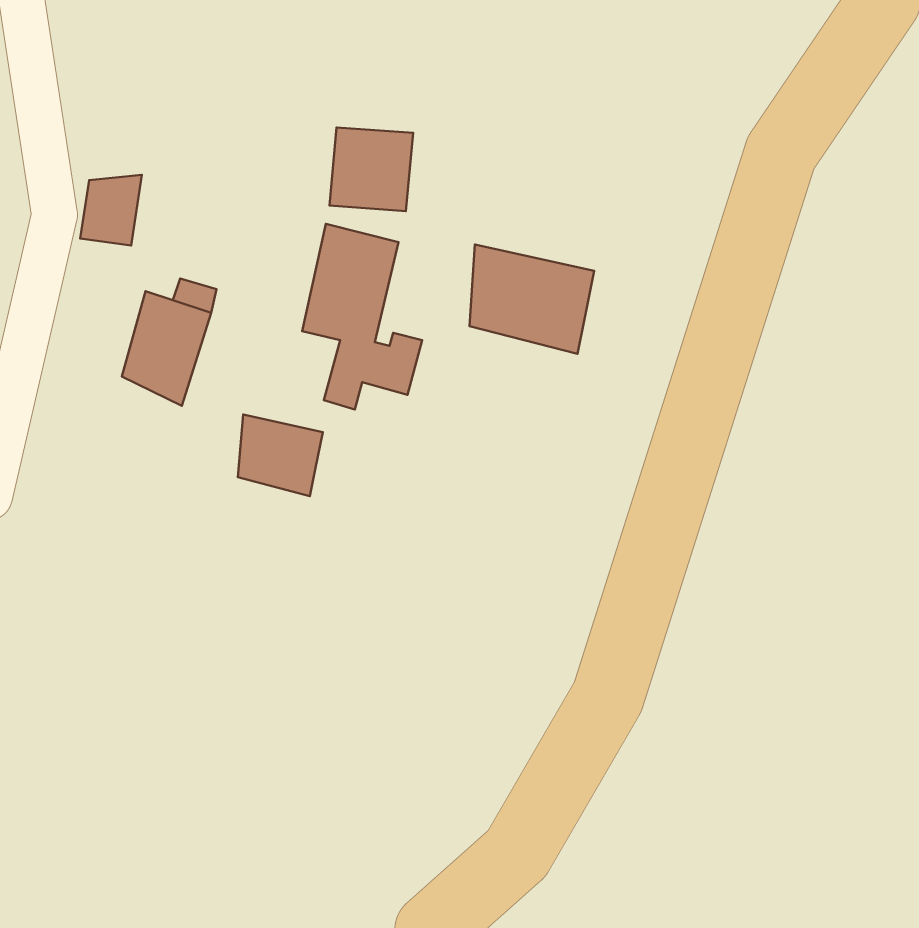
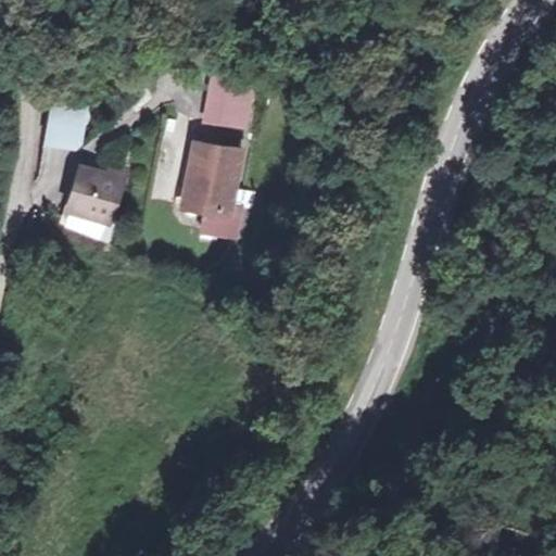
building: [469,245,594,354] -> none
building: [238,415,323,496] -> none

